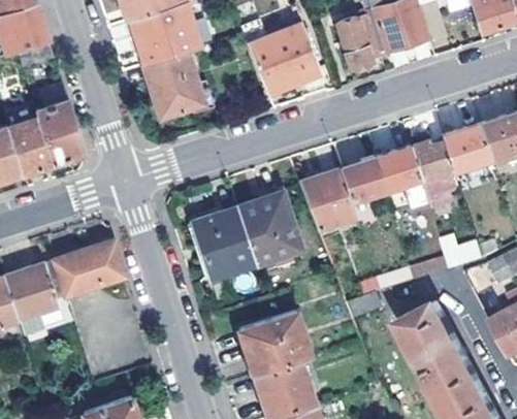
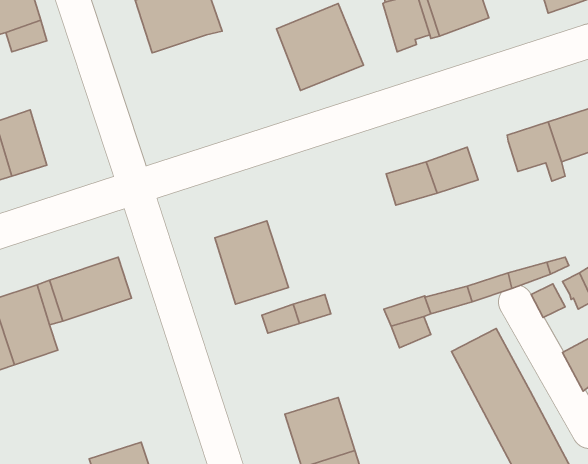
building: [144,51,202,117] -> none
building: [35,83,84,162] -> none
building: [411,141,456,194] -> none
building: [300,169,355,225] -> none
building: [239,195,302,266] -> none
building: [241,316,312,375] -> none

